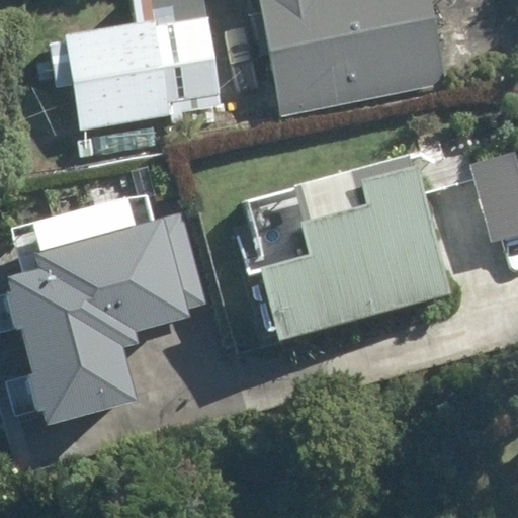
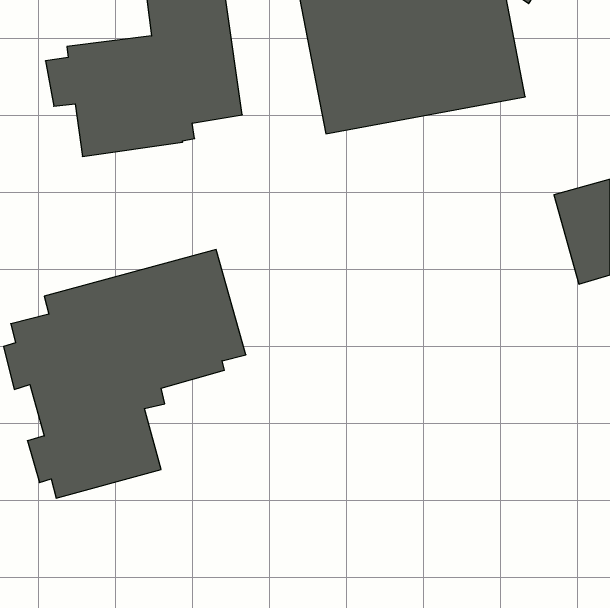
building: [260,165,455,338] -> none

